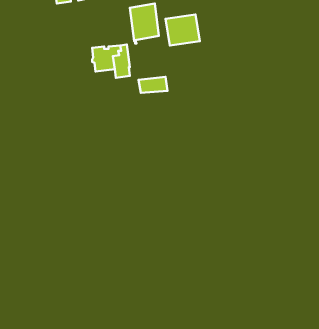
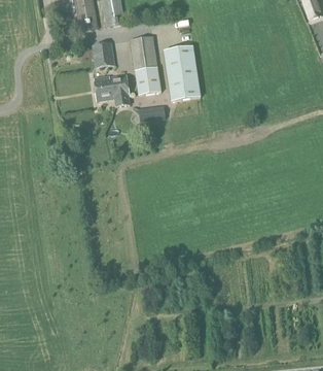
building: none -> [92,40,115,66]
building: none -> [135,65,160,94]
building: none -> [168,70,201,100]

